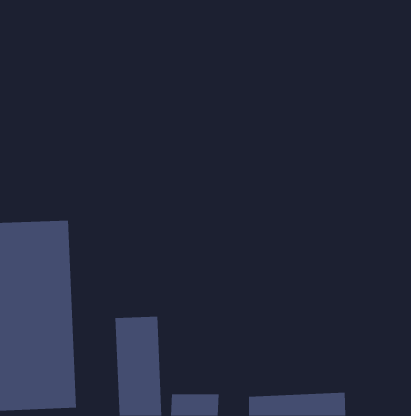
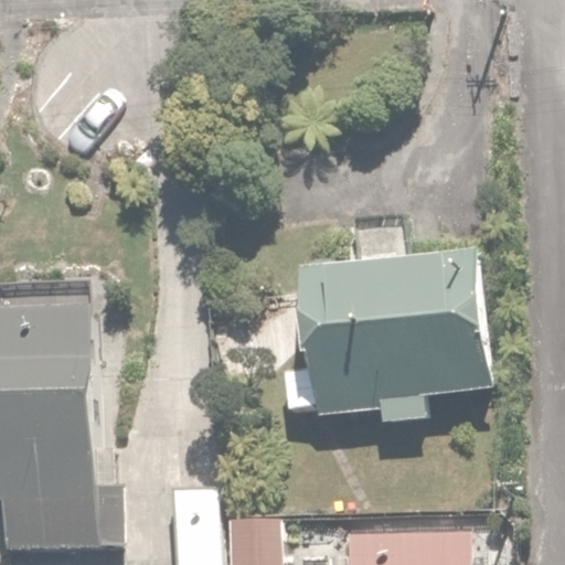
building: none -> [305,262,479,404]

